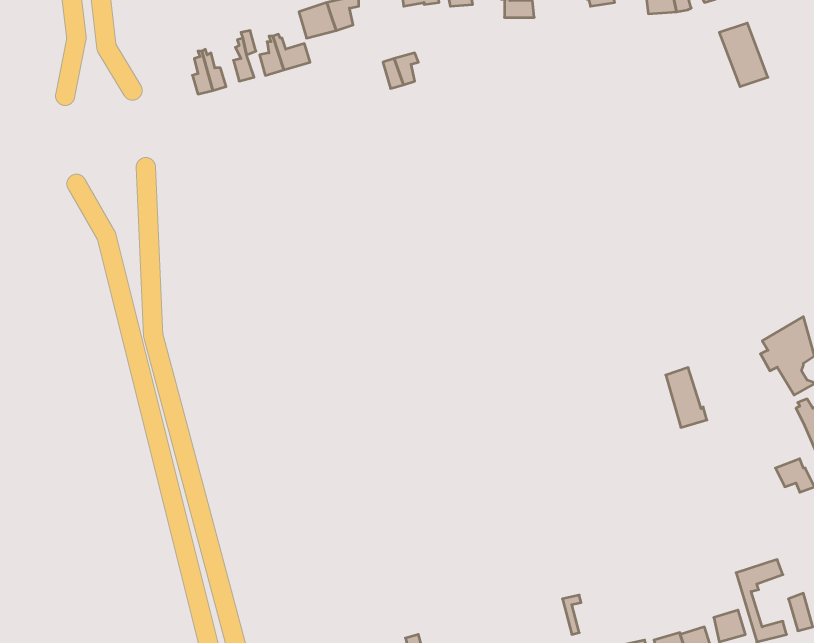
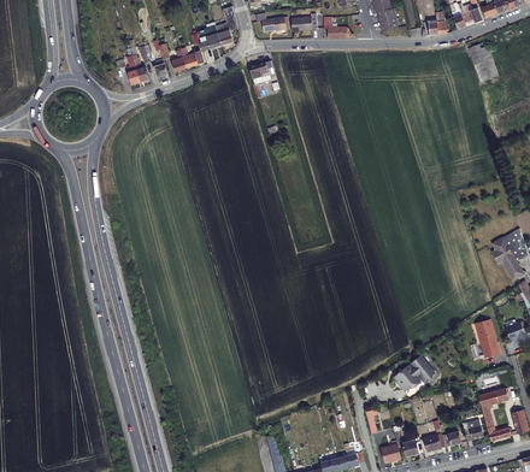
building: [666,368,707,427] -> [473,318,500,356]
building: none -> [394,358,432,391]

